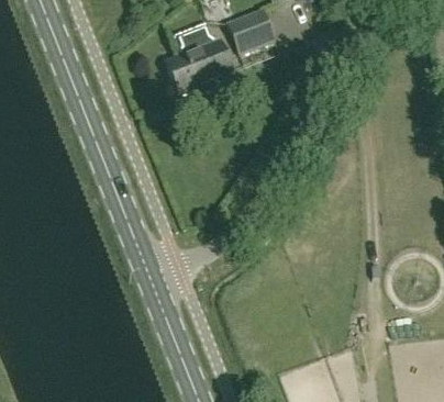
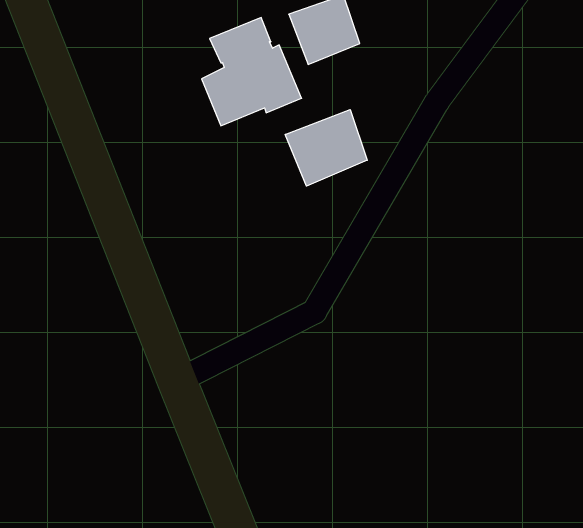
building: none -> [285,110,367,186]

